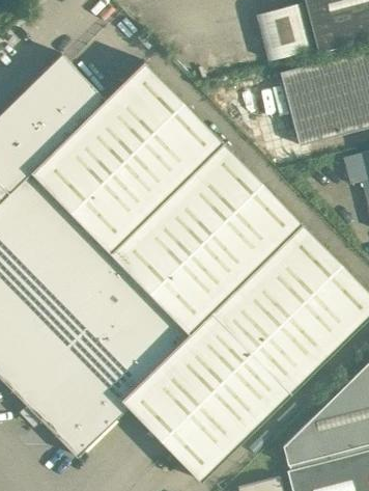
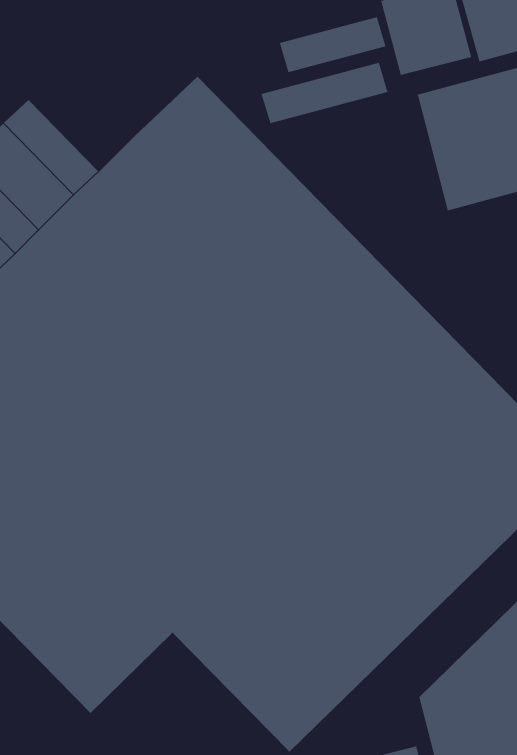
building: none -> [279,16,387,73]
building: none -> [261,62,389,124]
building: [39,54,105,120] -> none

